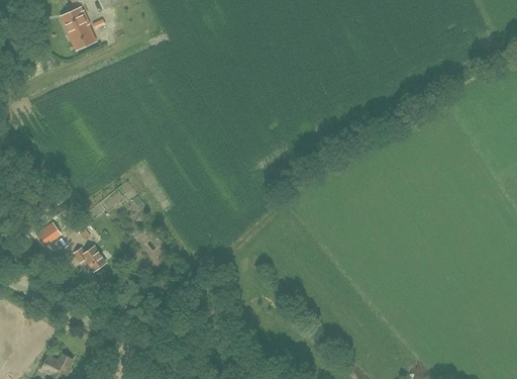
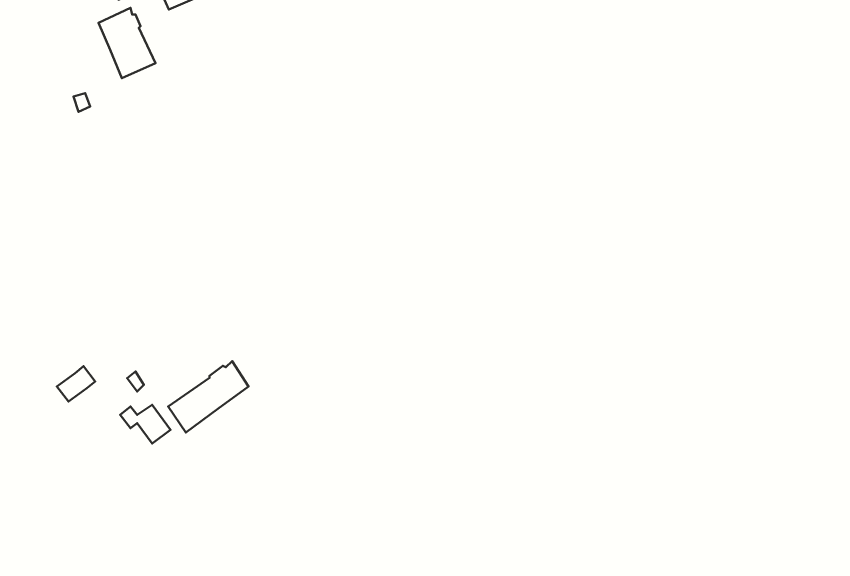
building: none -> [168,361,249,433]

